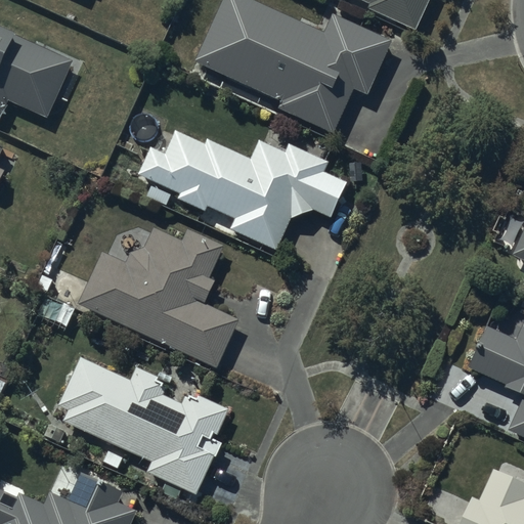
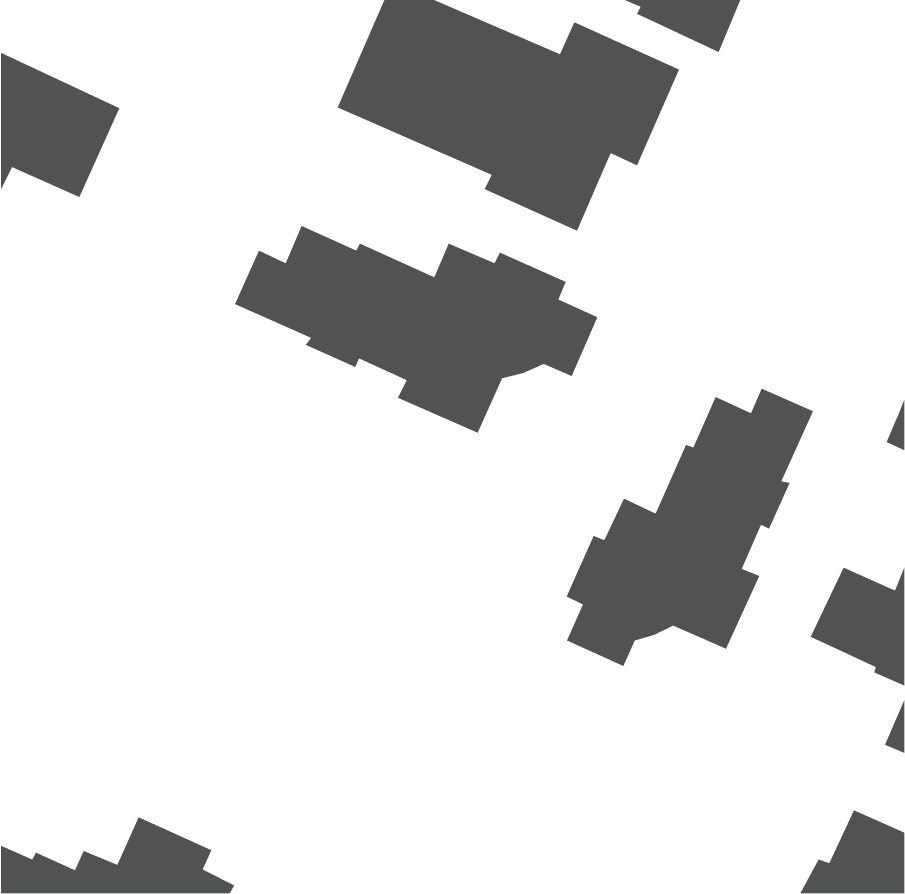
building: none -> [565,387,814,667]
building: [79,229,237,365] -> none
building: [57,355,229,494] -> none

